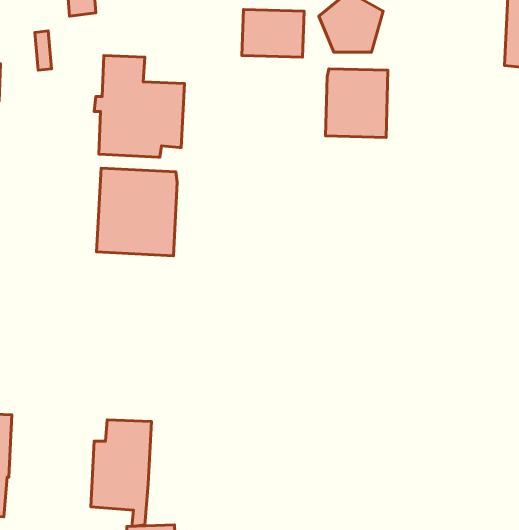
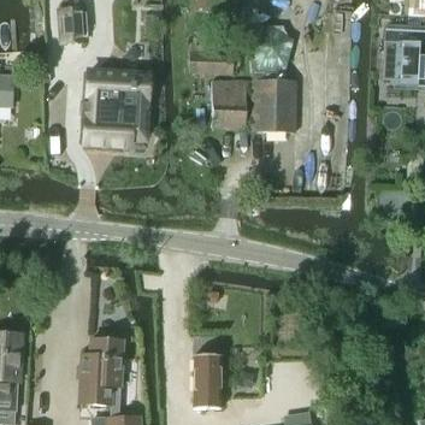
building: none -> [212,79,254,128]
building: [97,168,177,256] -> none
building: none -> [195,355,222,408]

